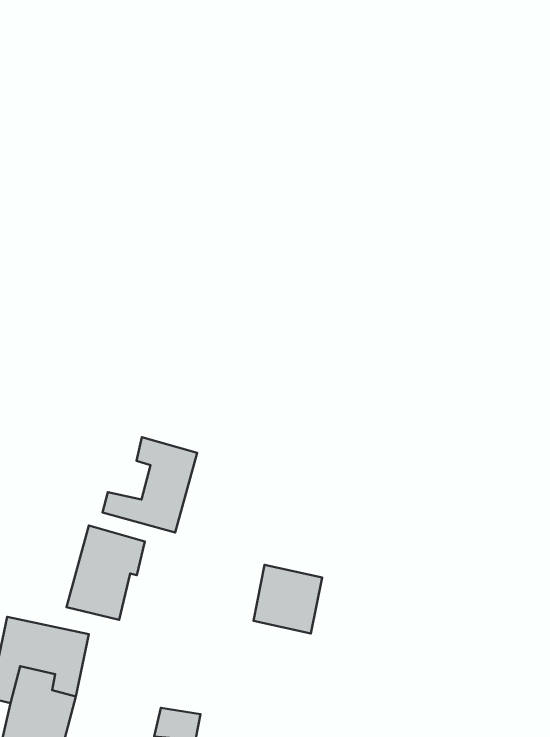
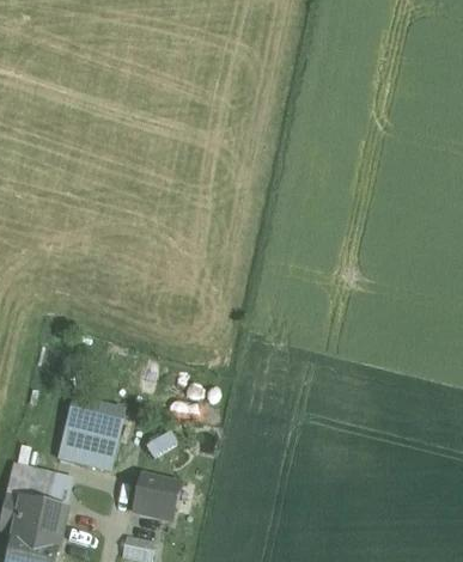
building: [103,437,197,532] -> none
building: [253,565,322,634] -> [134,471,185,523]

